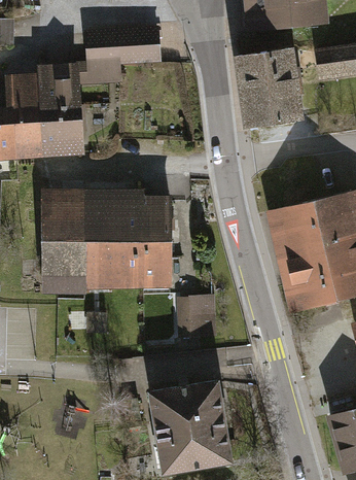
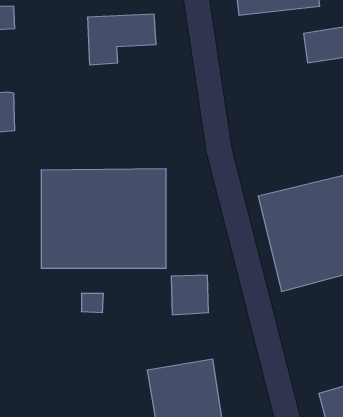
building: [232,47,301,130] -> none
building: [9,70,82,148] -> none

